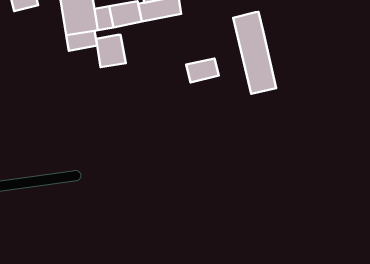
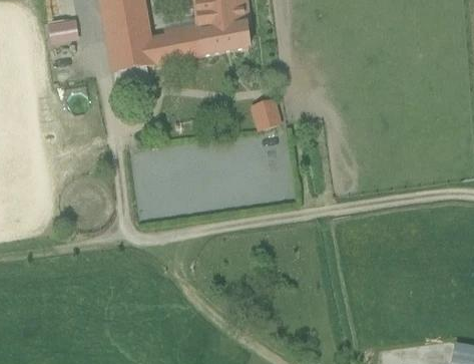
building: [233,12,276,94] -> none
building: [96,35,126,67] -> none

